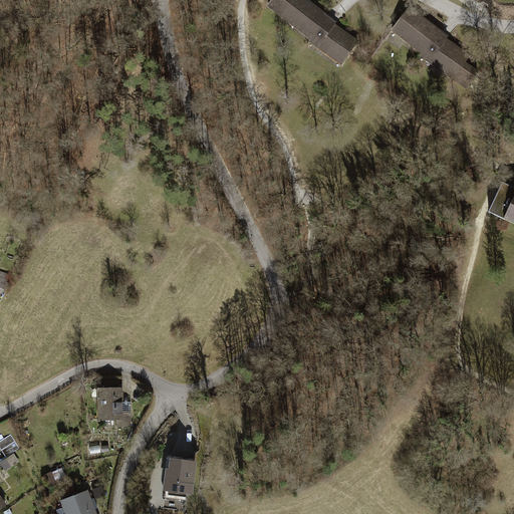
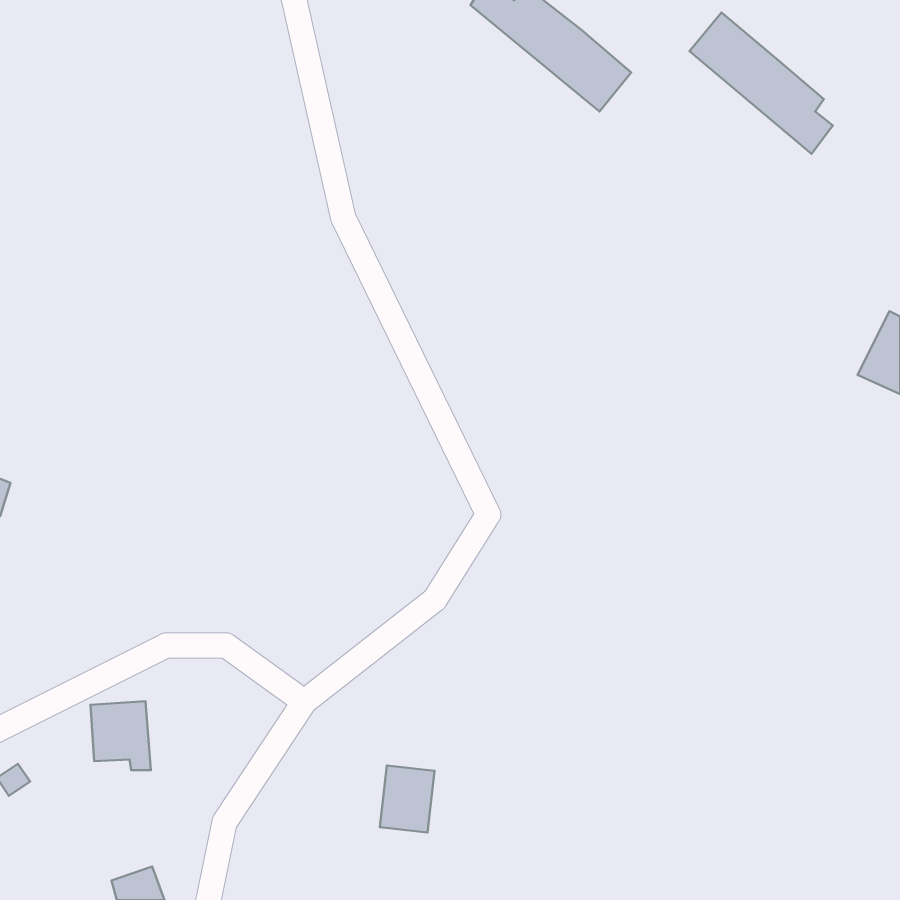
building: [94,387,128,426] -> [91,701,151,770]
building: [163,459,194,497] -> [380,765,435,833]

